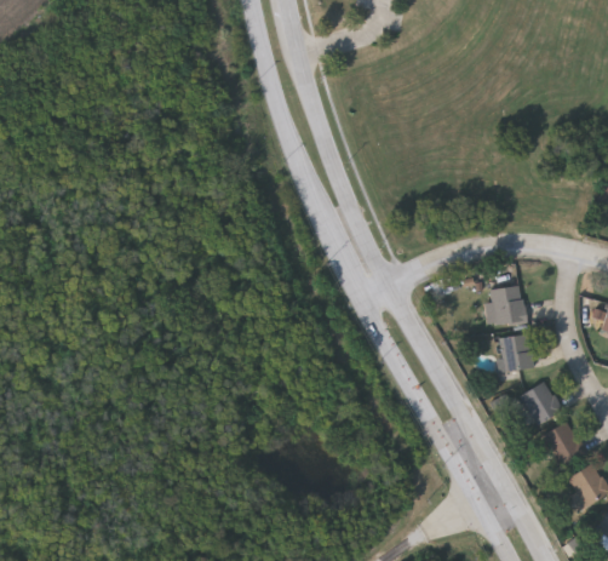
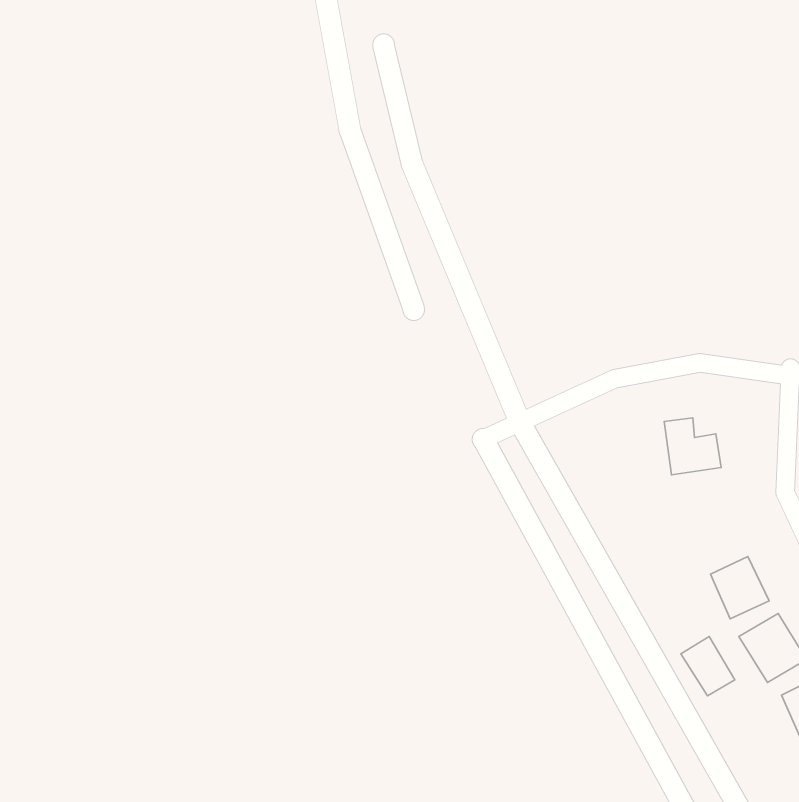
building: [499,333,532,370] -> none
building: none -> [681,637,735,696]

